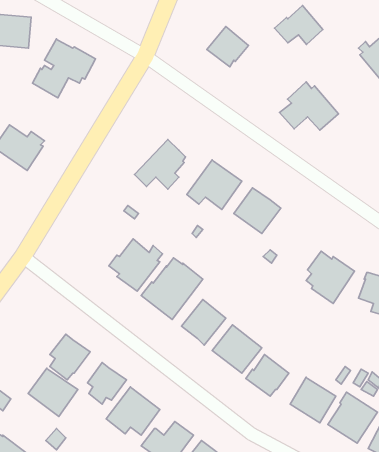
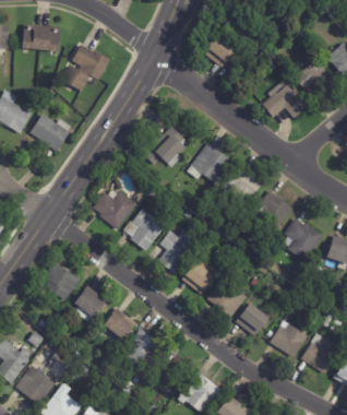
building: [274,5,323,44] -> [294,59,333,91]
building: none -> [252,189,294,230]
building: none -> [92,191,135,230]
building: [28,368,78,416] -> [40,261,81,300]

